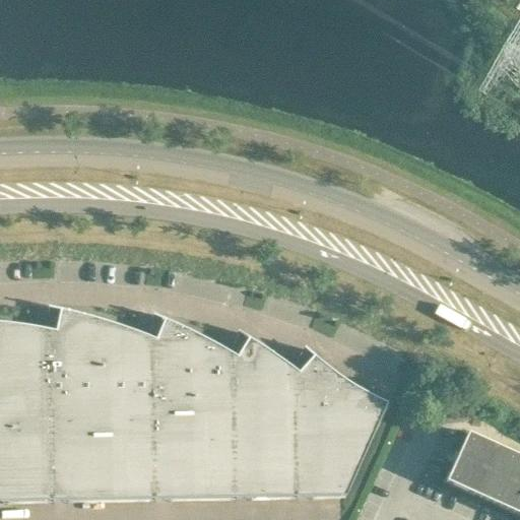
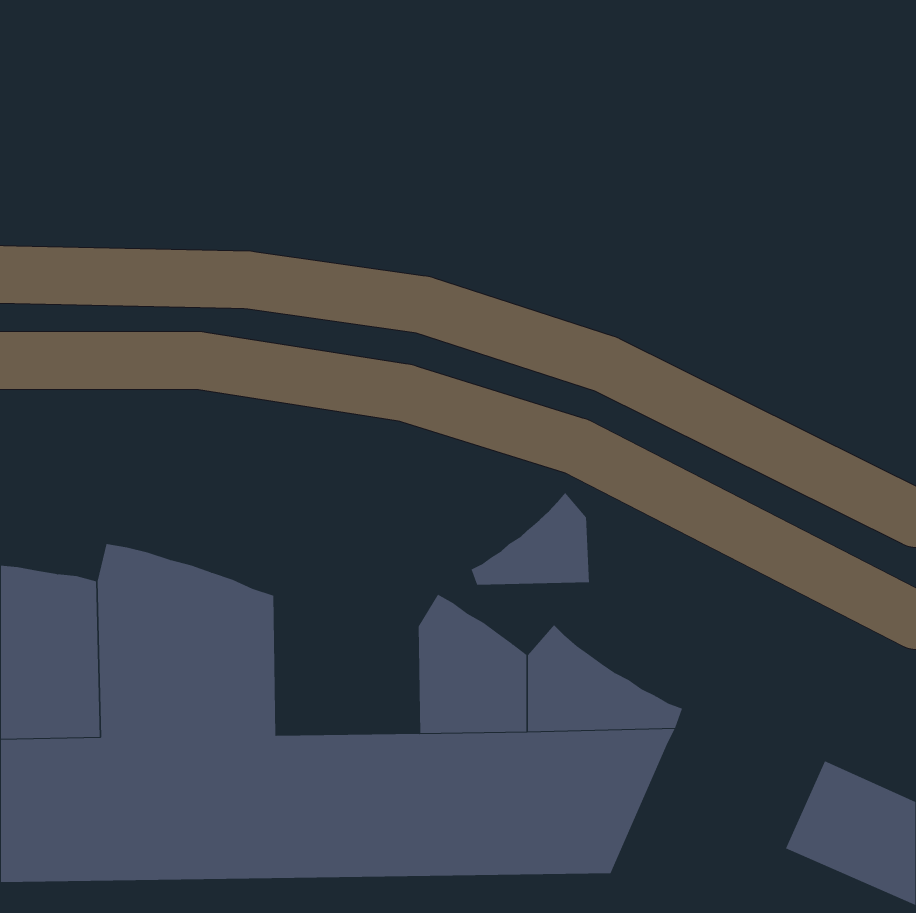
building: none -> [471,492,590,586]
building: [155,317,238,416] -> none

